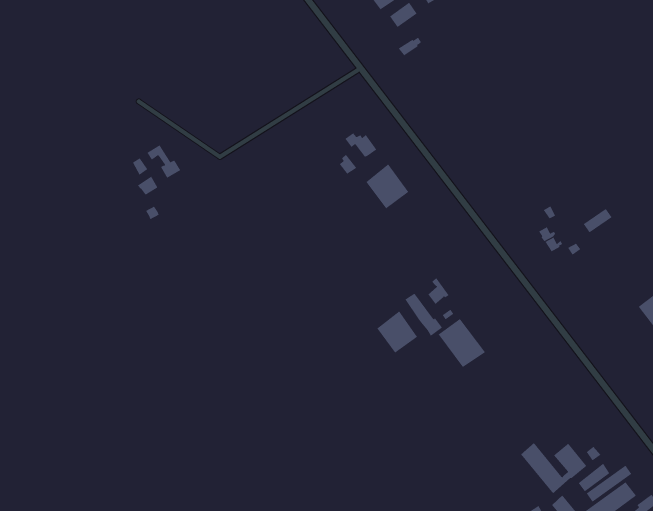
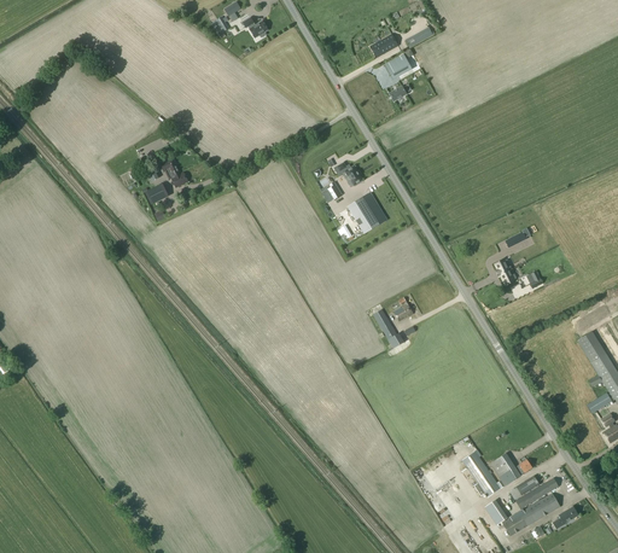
building: [376,311,418,354] -> none
building: [438,318,486,368] -> none

